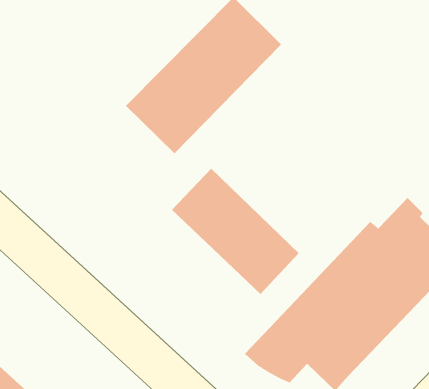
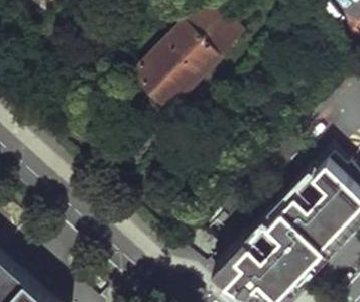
building: [171,168,300,295] -> none

